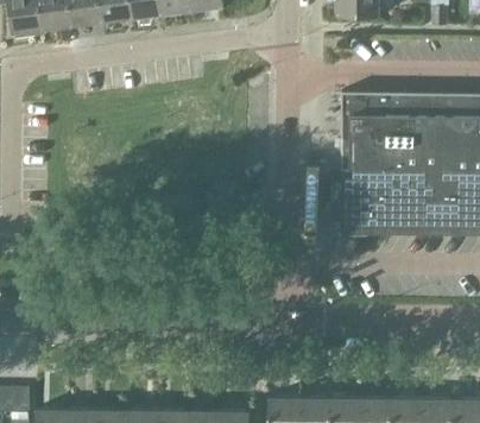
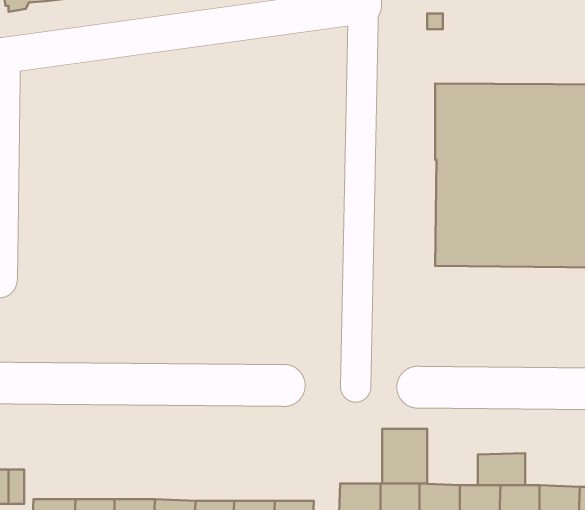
building: none -> [382,429,427,484]
building: none -> [478,453,525,485]

